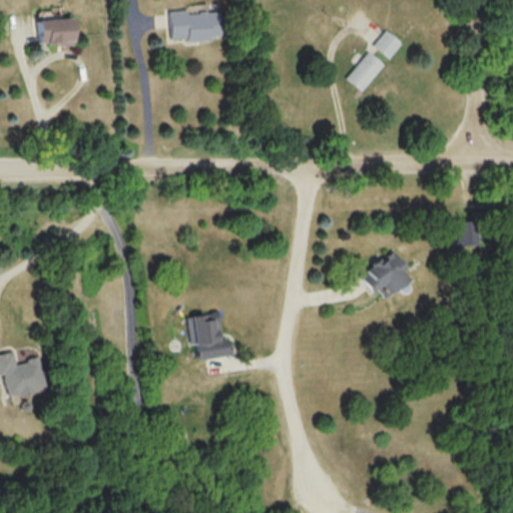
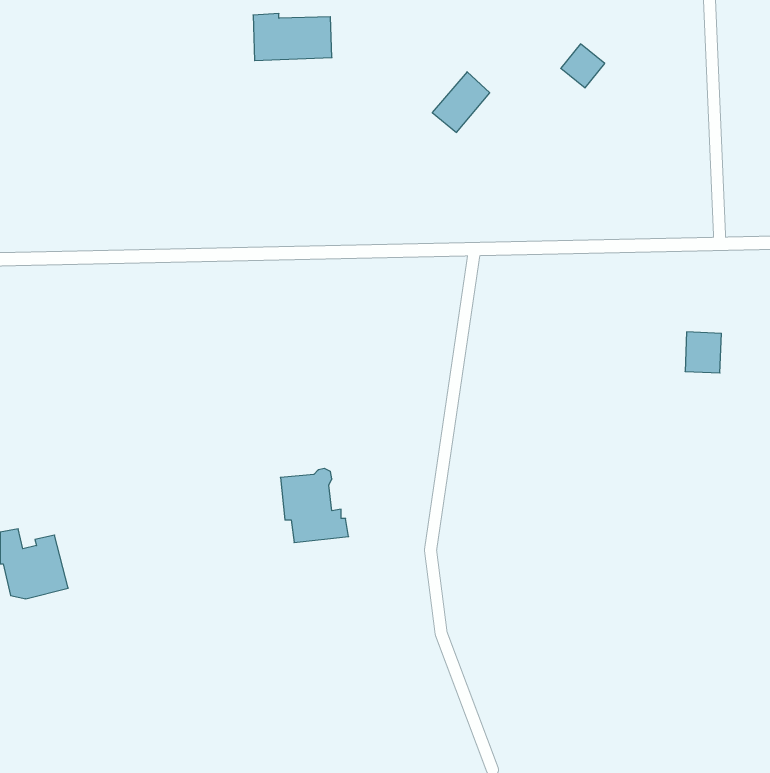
building: [39,18,75,45] -> none
building: [347,51,385,91] -> [432,72,490,132]
building: [361,249,408,297] -> none

